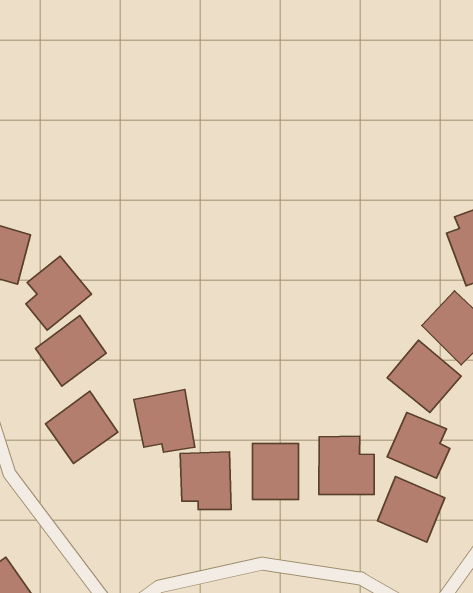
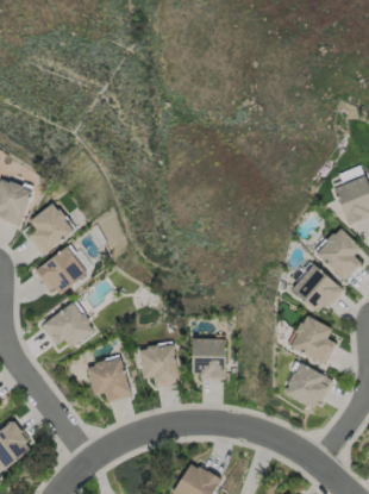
building: [134,390,195,452] -> [86,356,130,401]
building: [319,436,374,494] -> none

